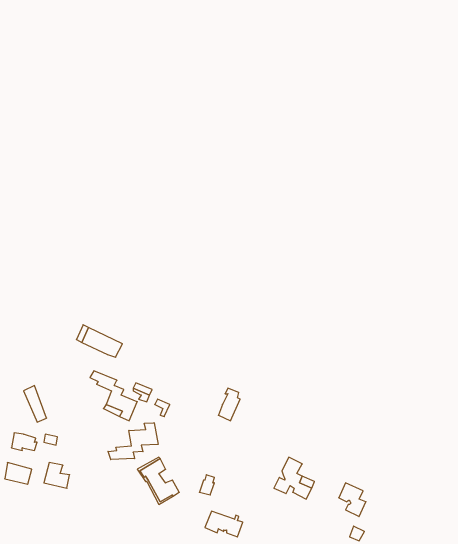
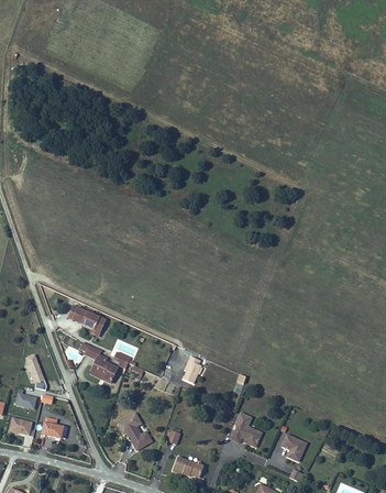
building: [108,423,158,460] -> none

